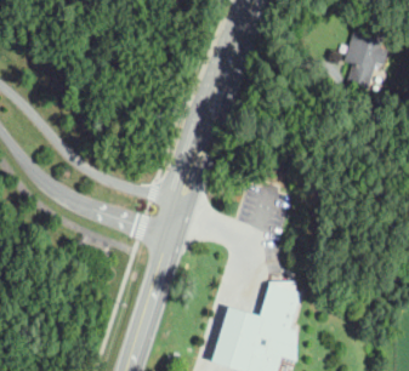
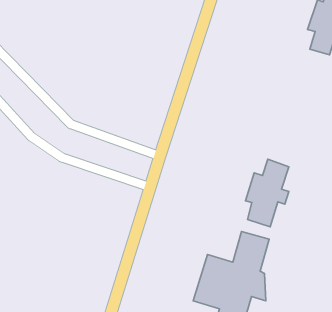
building: none -> [246,159,289,227]

